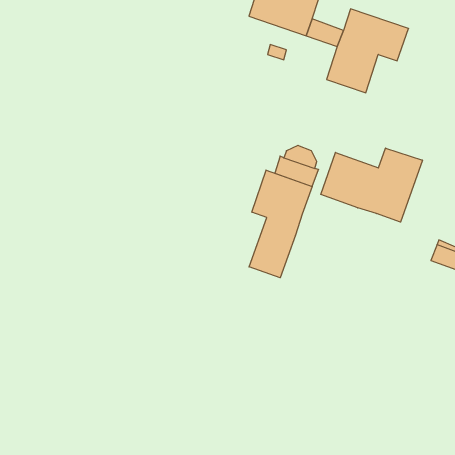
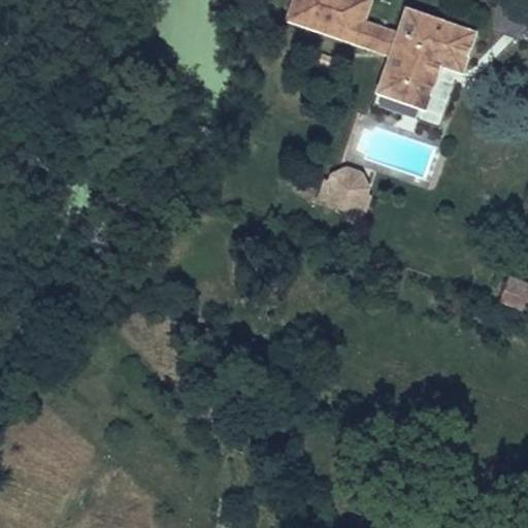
building: [321,148,422,222] -> none
building: [249,170,312,278] -> none

